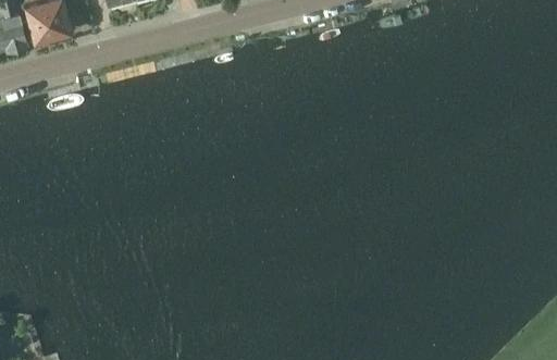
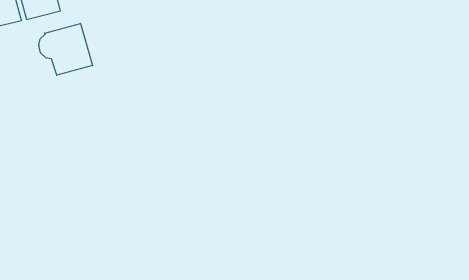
building: none -> [39,23,93,75]

